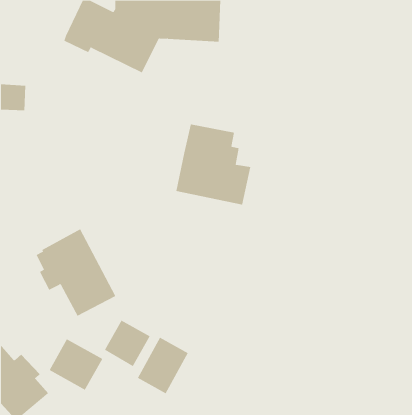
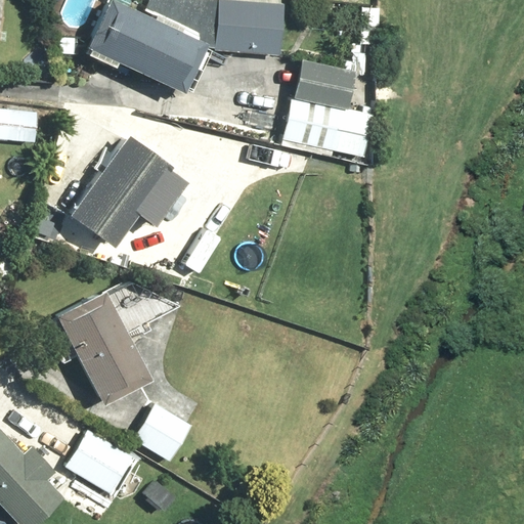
building: none -> [69,135,186,247]
building: [175,124,251,205] -> [281,61,377,164]
building: [137,337,189,394] -> none

